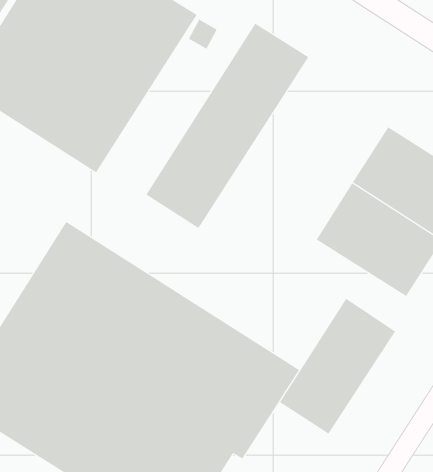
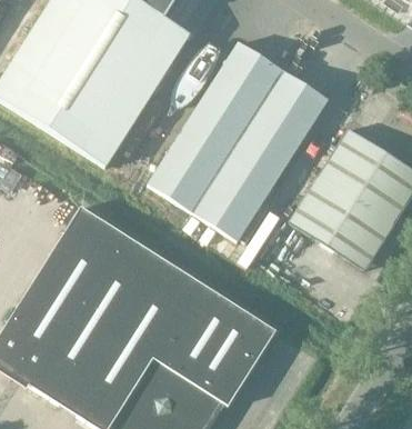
building: none -> [191,70,328,242]
building: [279,298,396,434] -> none

